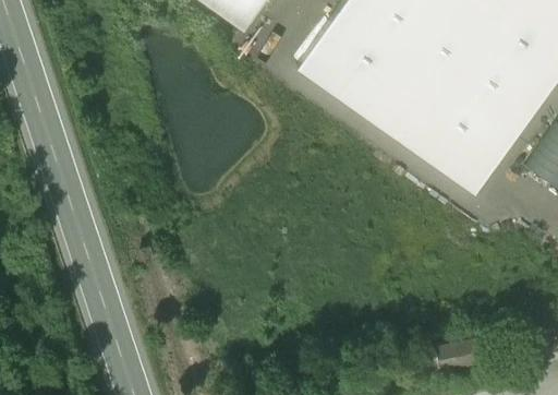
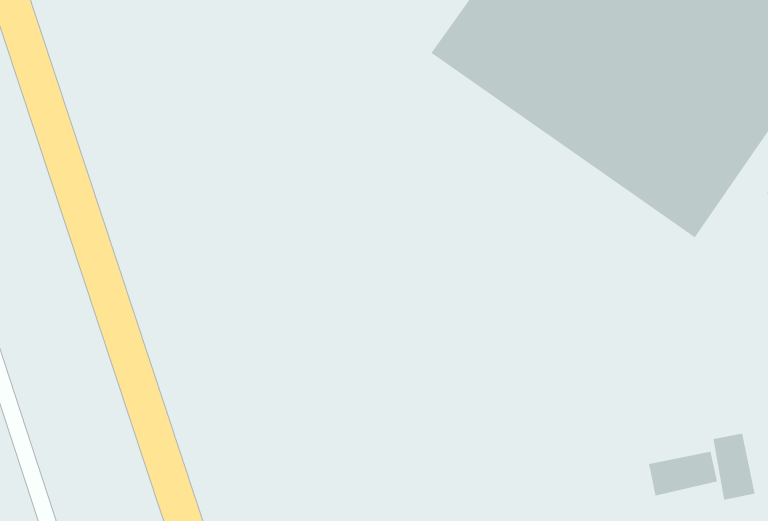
building: none -> [713,433,755,501]

